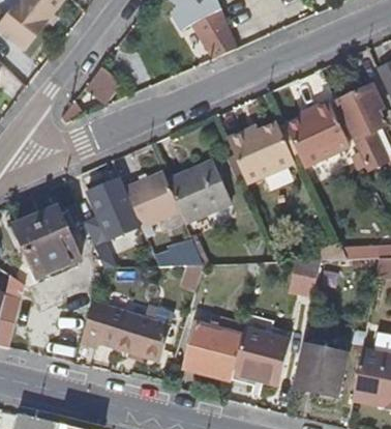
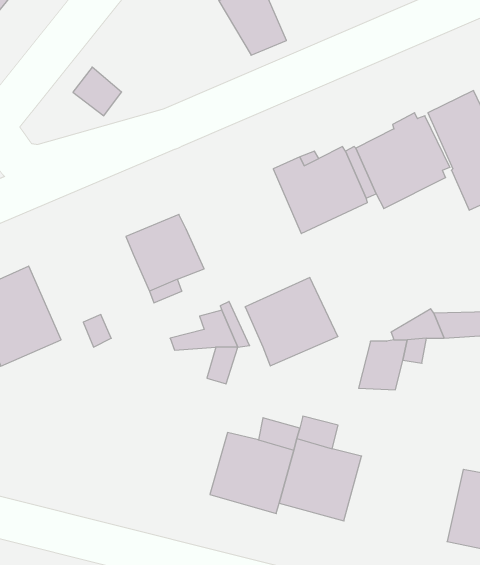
building: [168,161,233,223] -> [245,278,338,366]
building: [91,178,130,237] -> none
building: [82,303,175,362] -> none
building: [296,346,347,396] -> none

